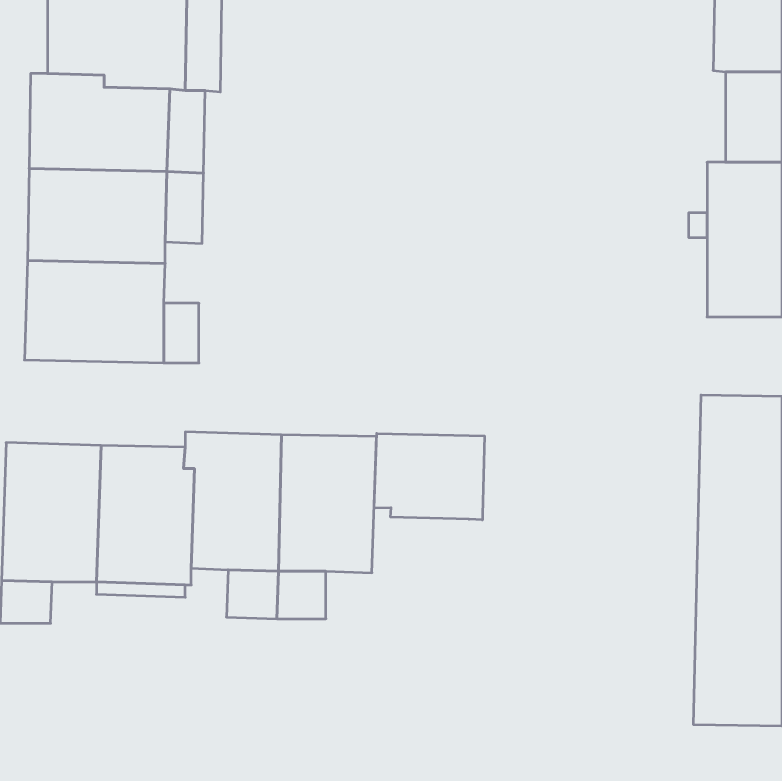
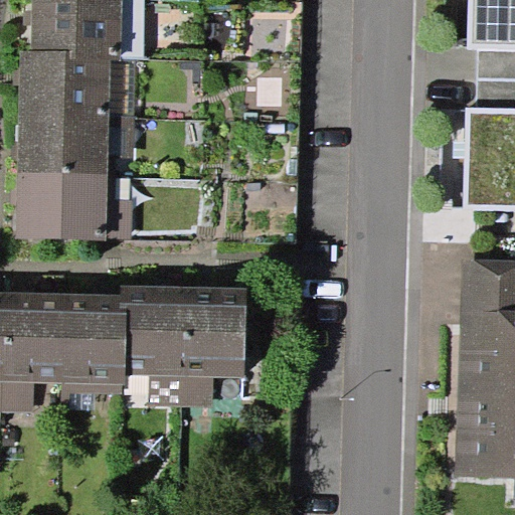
building: [374,433,484,520] -> none

